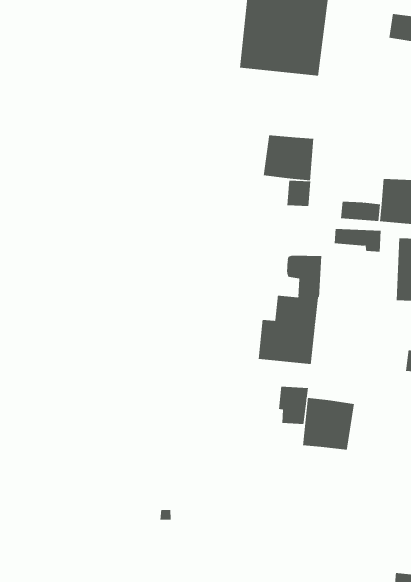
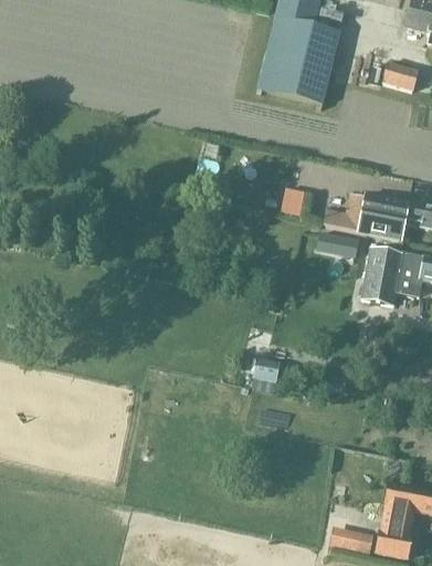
building: [263,135,314,181] -> none
building: [258,255,322,365] -> none
building: [303,397,354,450] -> none

